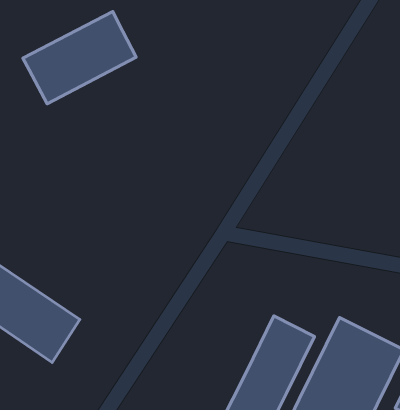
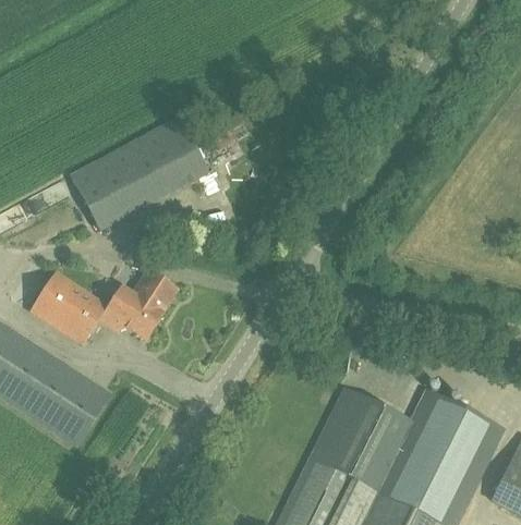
building: [23,12,136,104] -> [71,118,208,230]
building: none -> [29,270,177,343]

